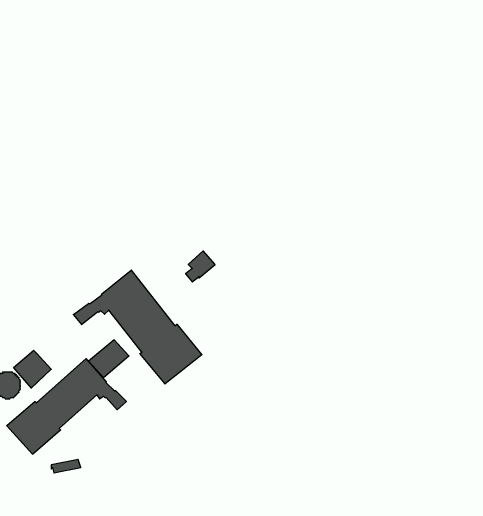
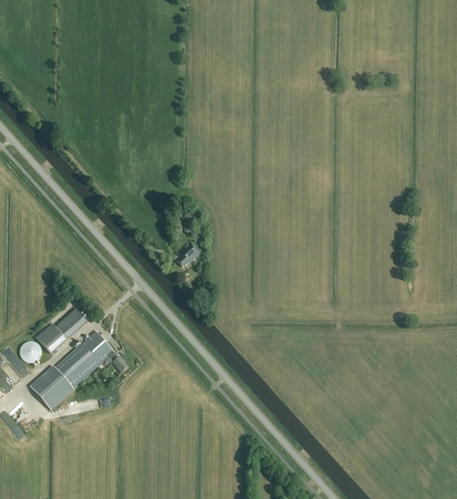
building: [73,270,202,384] -> none
building: [89,340,129,377] -> [54,308,87,339]

